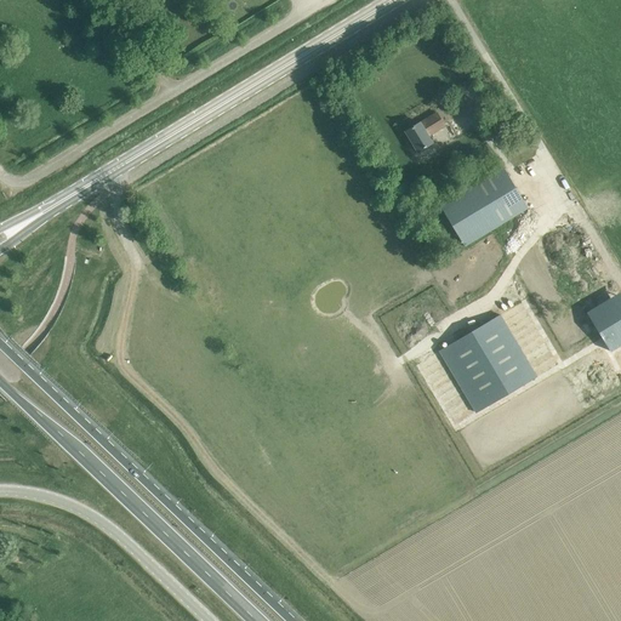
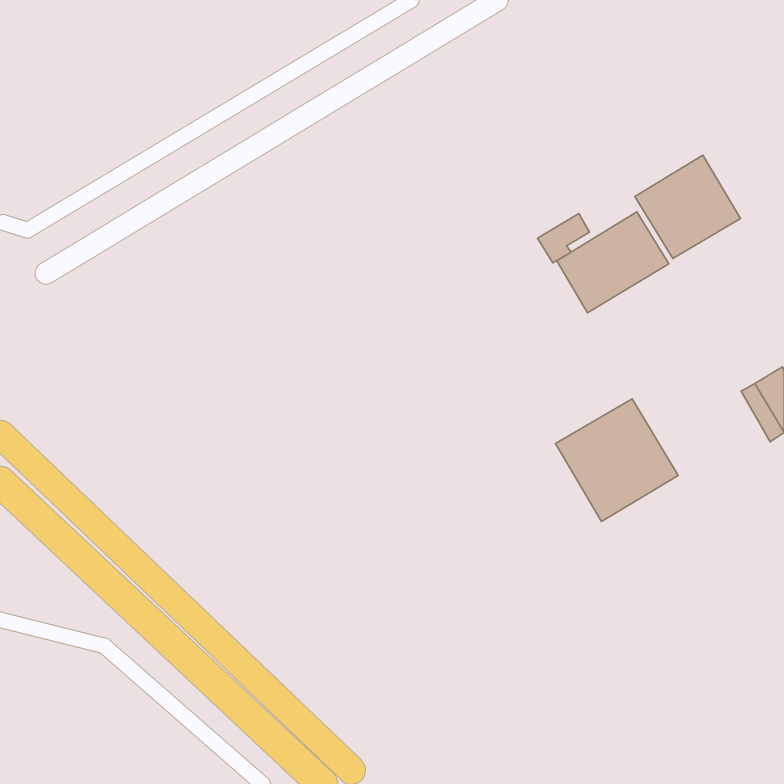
building: [405,113,446,152] -> [537,214,590,263]
building: none -> [635,155,740,258]

